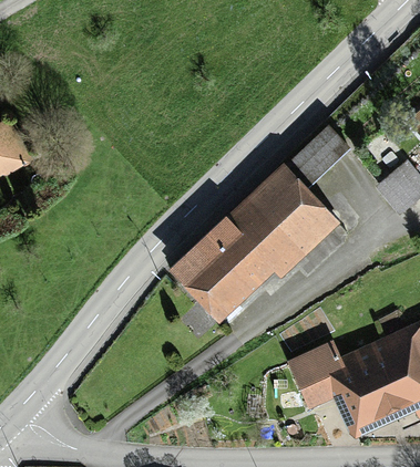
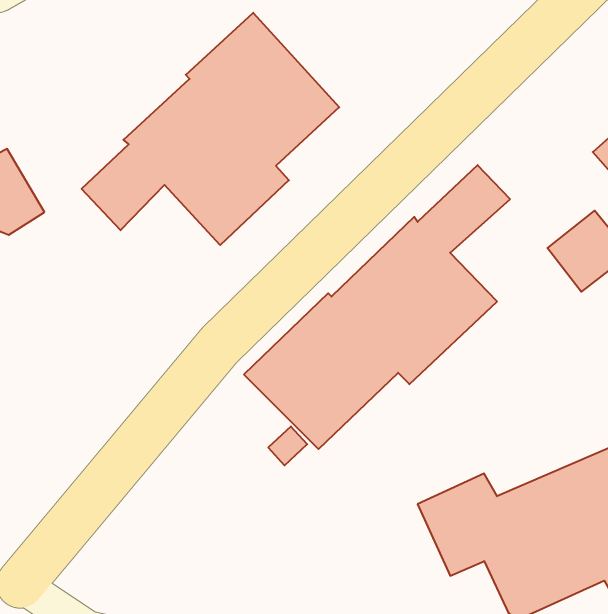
building: none -> [82,13,339,245]

